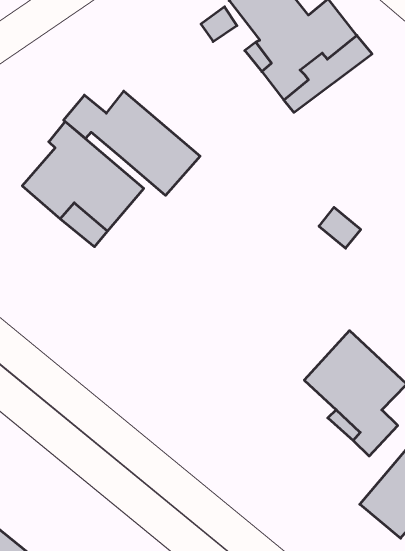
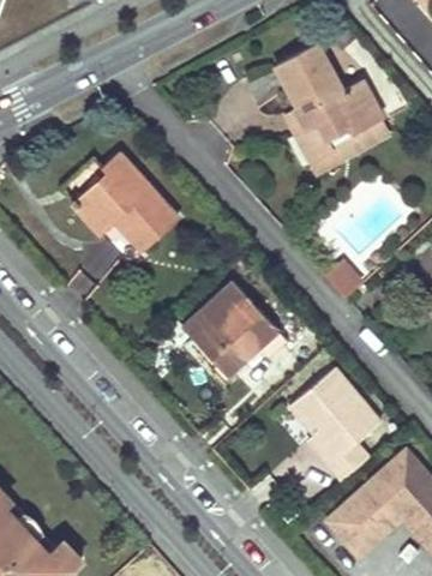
building: [64,91,200,195] -> none
building: none -> [180,276,276,372]

